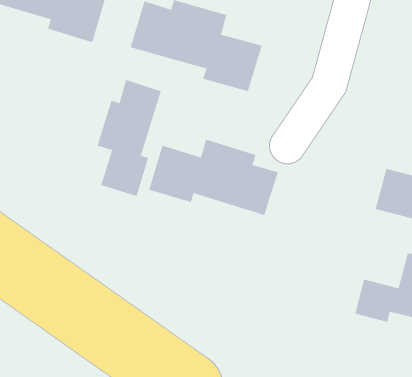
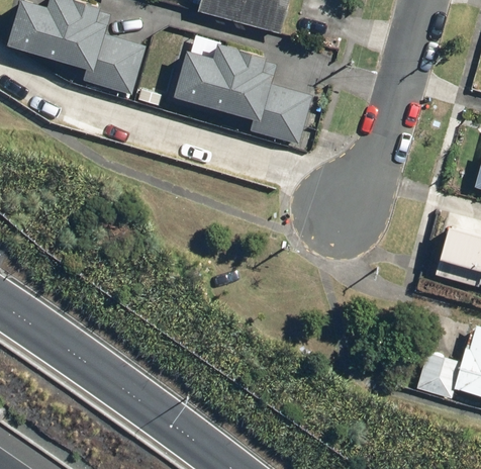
building: [97,79,161,197] -> none
building: [148,139,278,216] -> none

